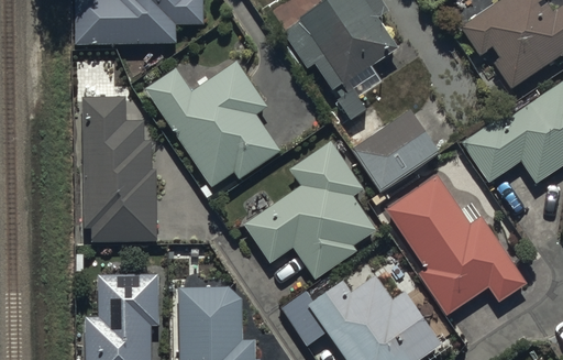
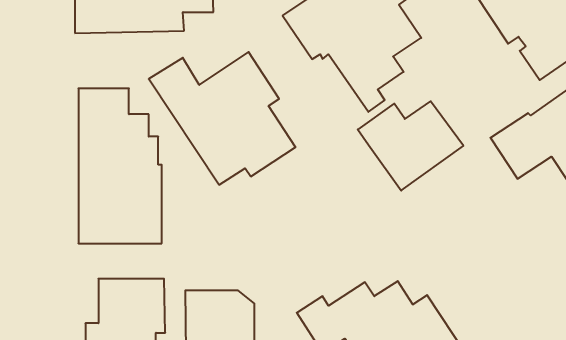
building: [243,139,377,281] -> none
building: [386,175,528,315] -> none

